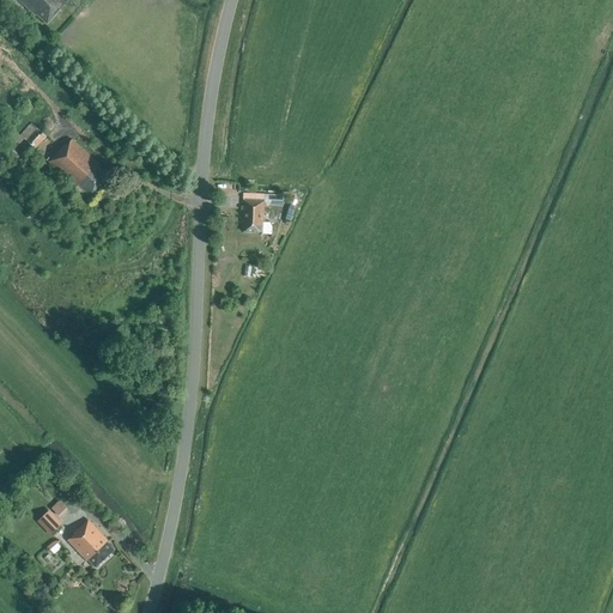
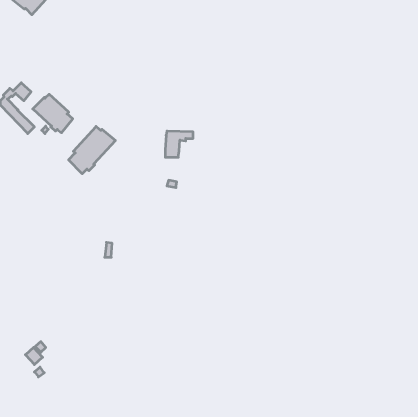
building: none -> [69,126,115,174]
building: [67,517,114,565] -> none

